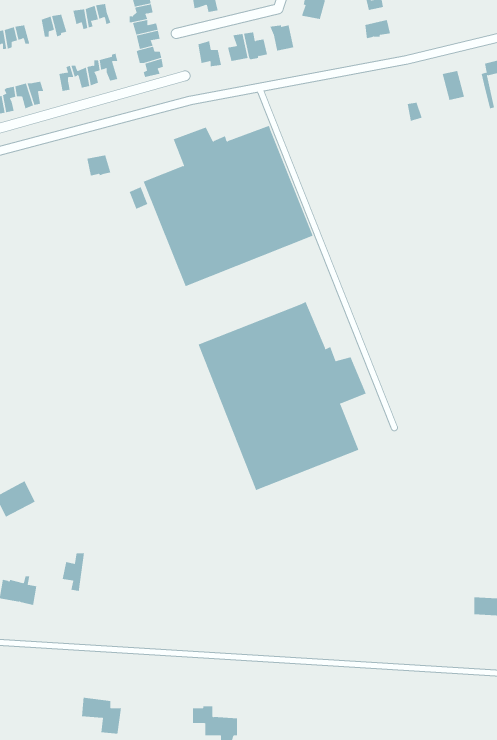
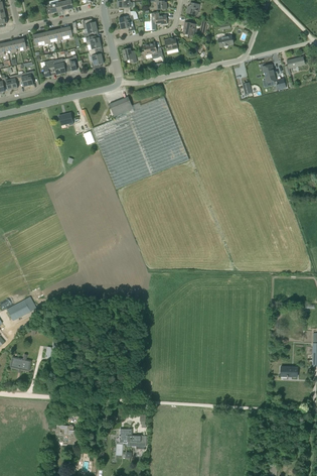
building: [198,301,367,491] -> none

